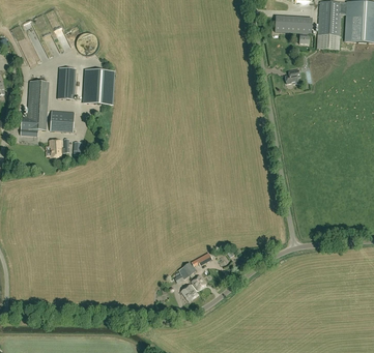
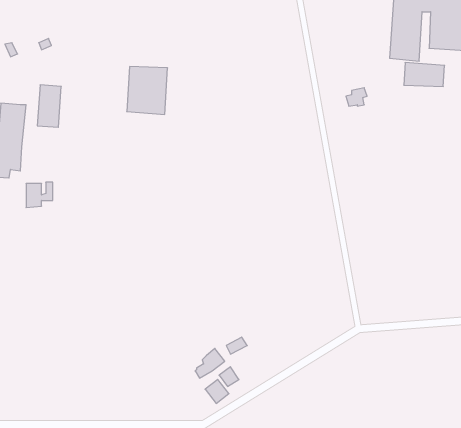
building: [282,16,312,33] -> [404,63,445,86]
building: [84,69,114,105] -> [127,67,168,114]
building: [51,111,75,131] -> none

